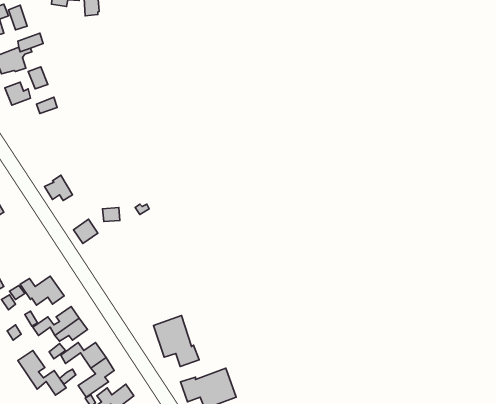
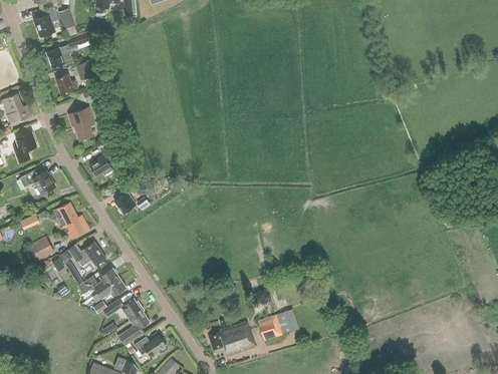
building: none -> [67,107,94,141]
building: none -> [55,203,89,239]
building: [154,316,199,366] -> none
building: [18,350,66,395] -> none
building: none -> [257,309,298,341]

